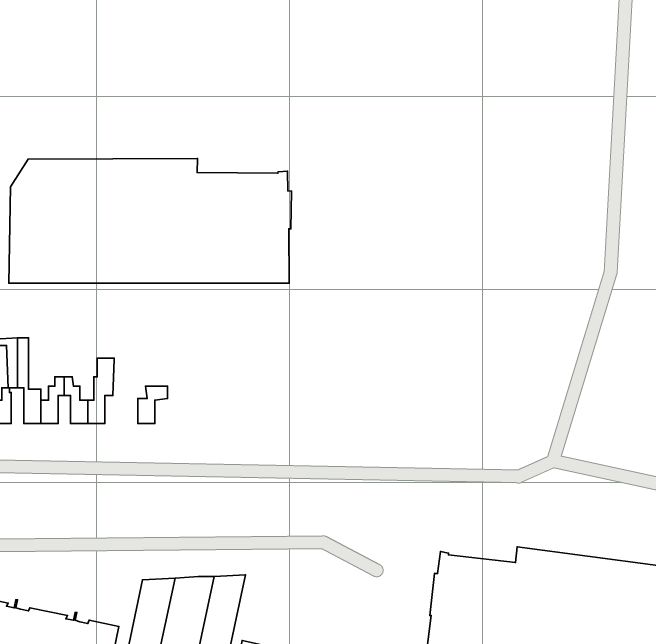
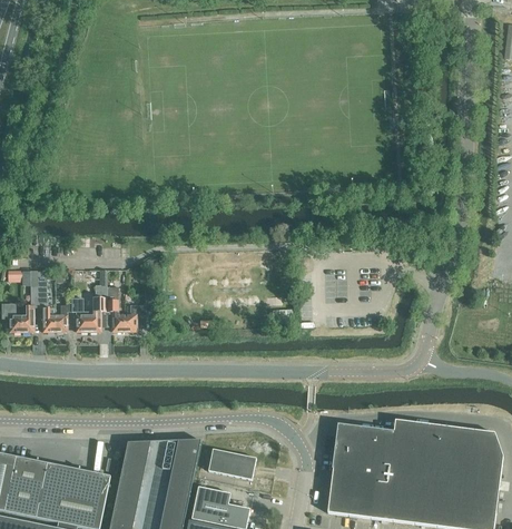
building: [9,159,292,283] -> none
building: none -> [106,286,124,332]
building: none -> [208,449,256,480]

